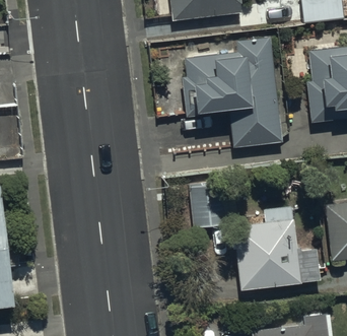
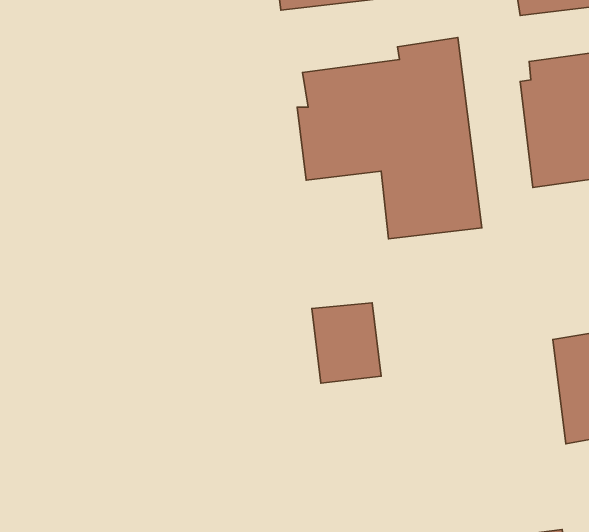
building: [230,196,322,283] -> none

